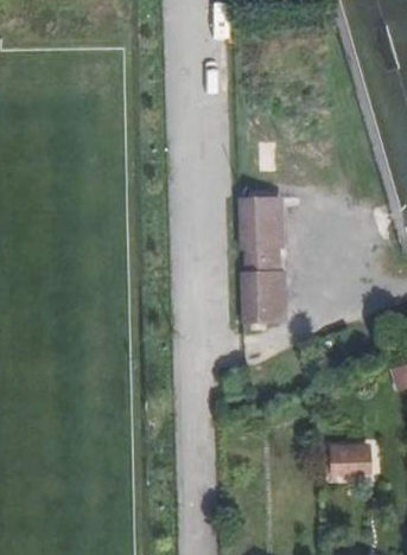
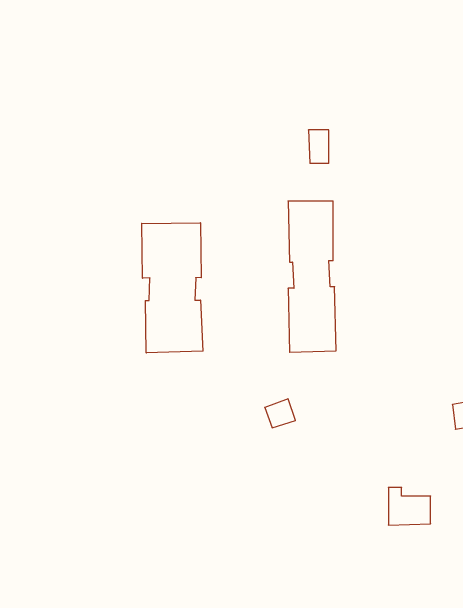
building: none -> [142,223,203,353]

